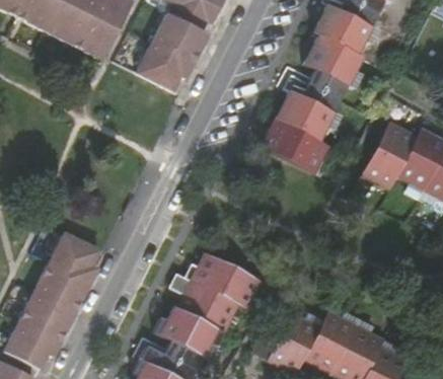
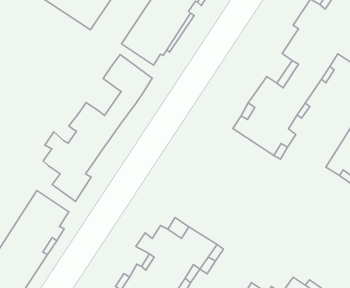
building: none -> [43,55,152,202]

